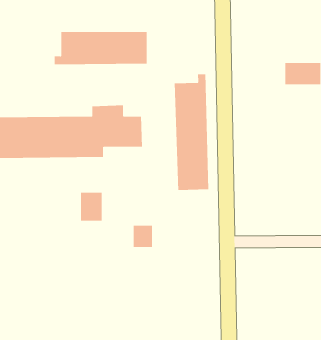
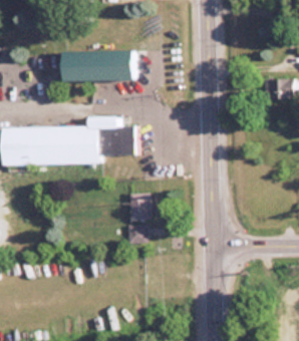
building: [174,73,209,191] -> none
building: [80,192,102,221] -> [130,195,151,221]

